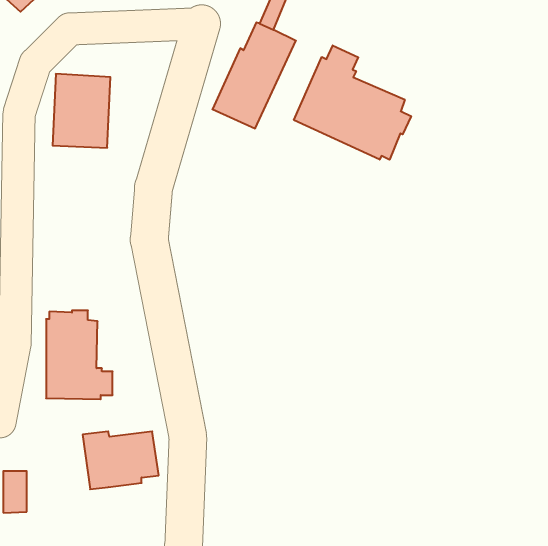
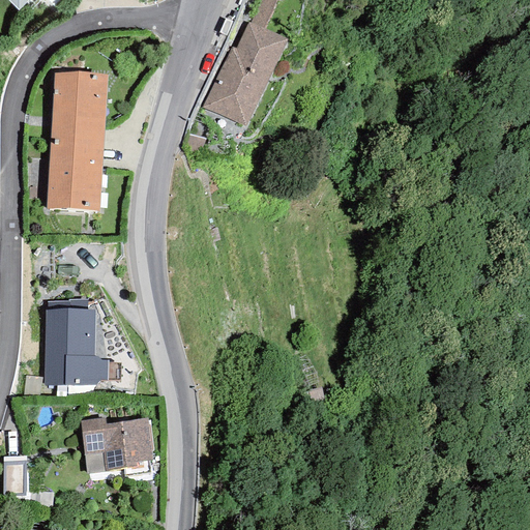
building: [294,45,411,160] -> none
building: none -> [47,141,104,211]

